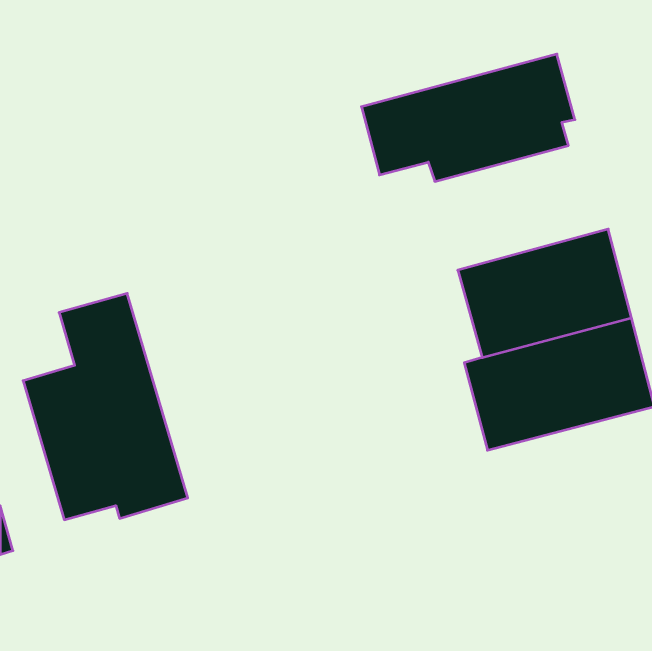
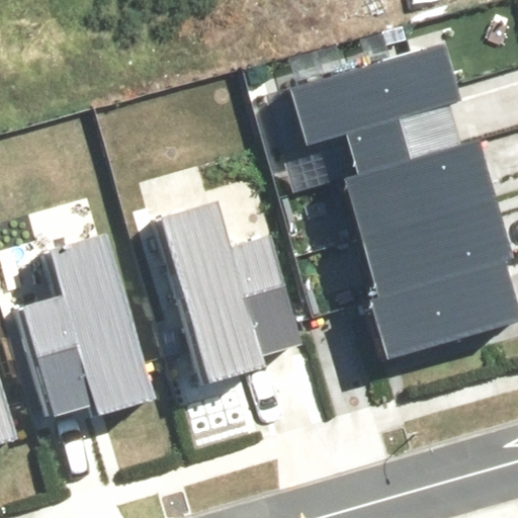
building: none -> [346,119,483,218]
building: none -> [157,202,299,381]

